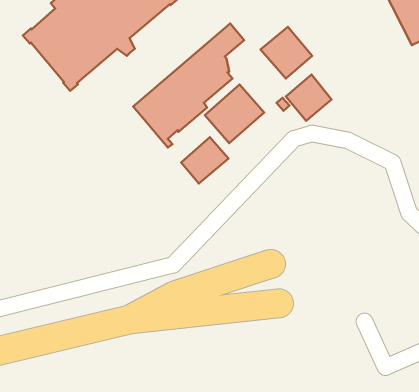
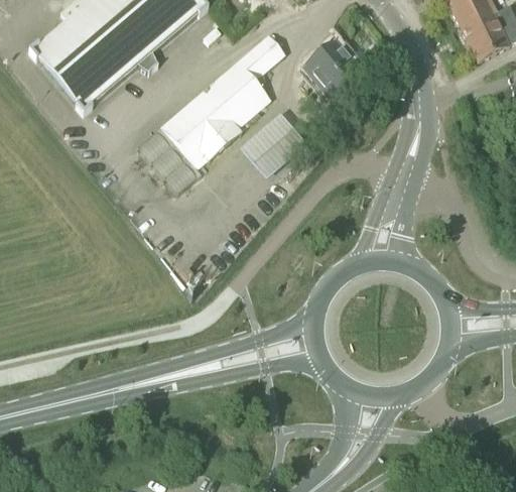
building: [286,75,332,121] -> none
building: [181,137,228,184] -> none

